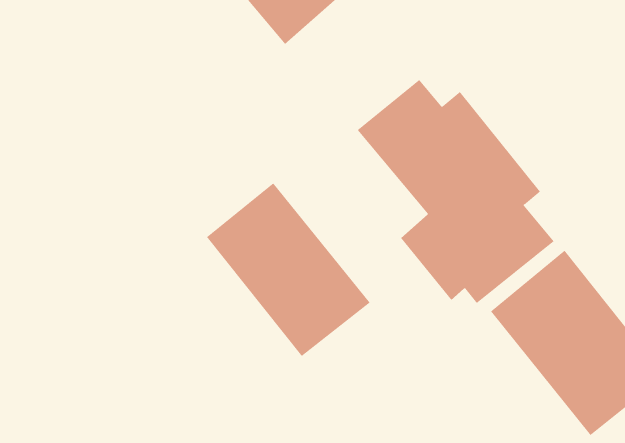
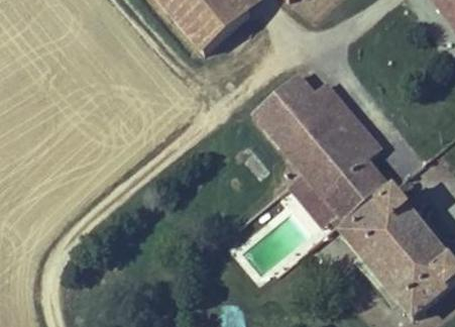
building: [206,183,370,357] -> none

